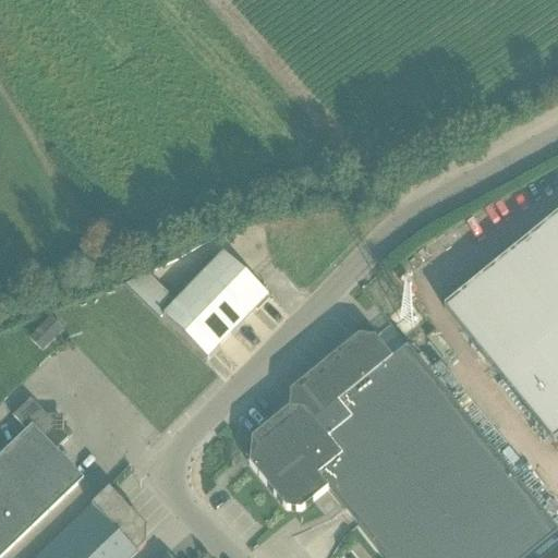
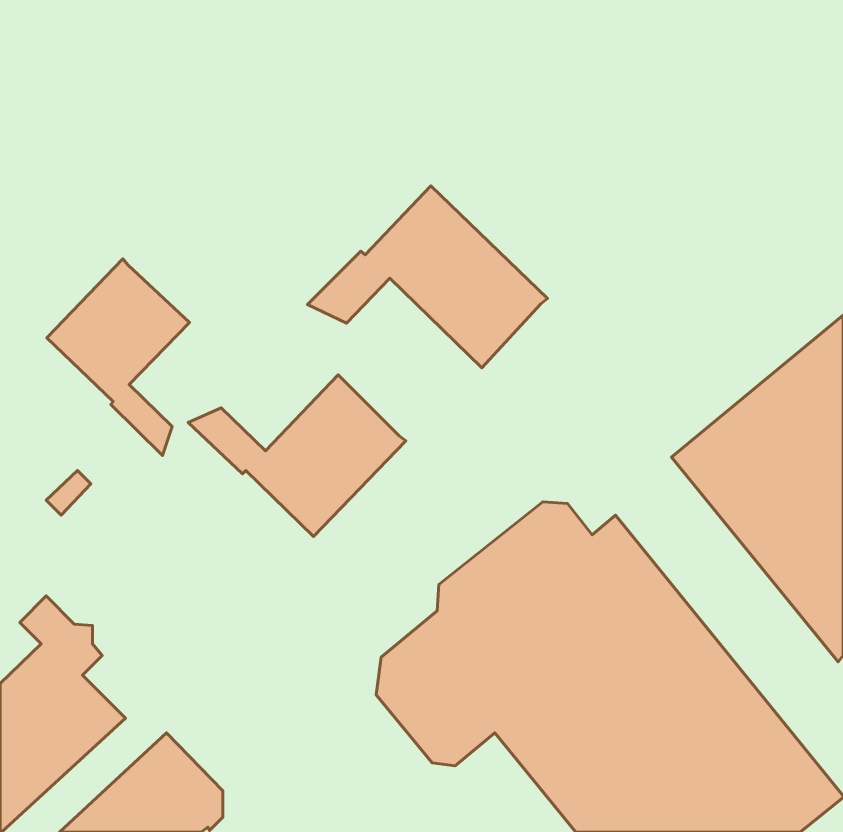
building: none -> [308,186,548,368]
building: none -> [47,259,189,456]

